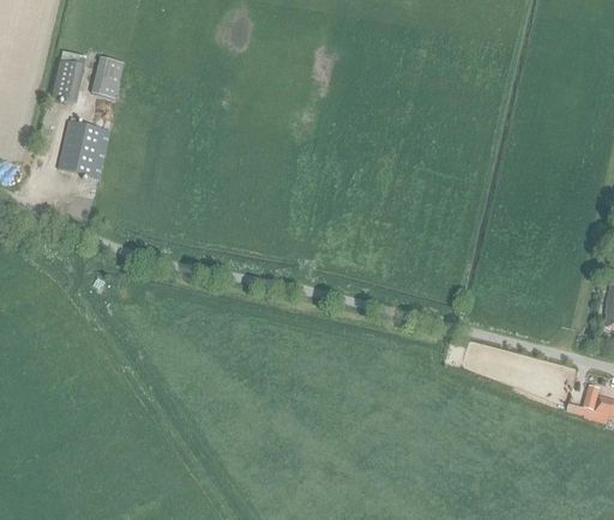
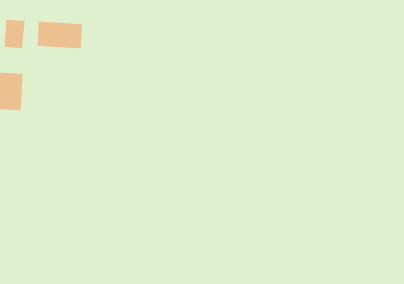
building: none -> [37,21,83,49]

